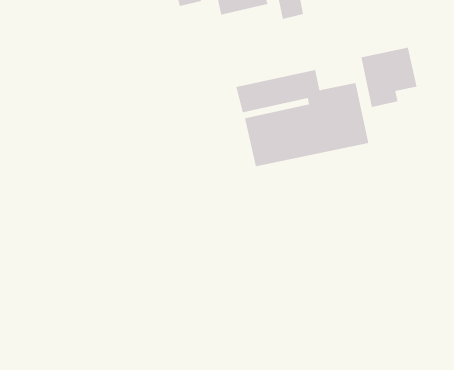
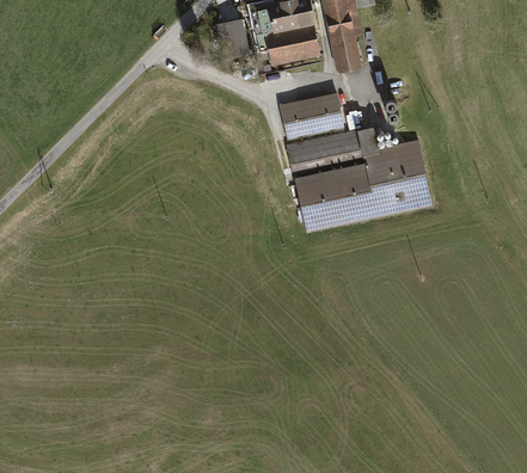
building: none -> [278,92,344,140]
building: [361,47,417,108] -> none

